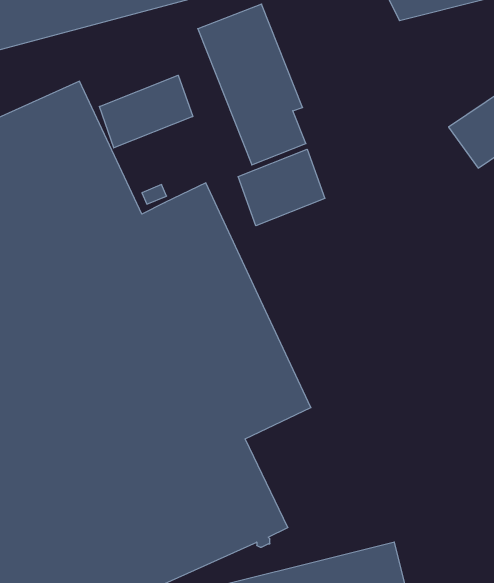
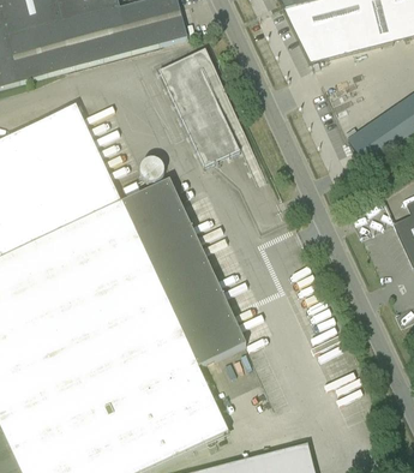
building: [99,75,193,148] -> none
building: [238,149,325,226] -> none

